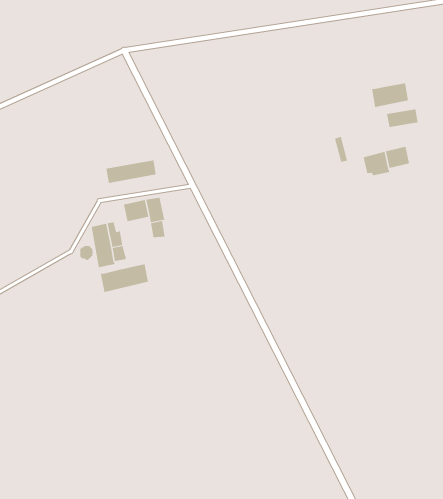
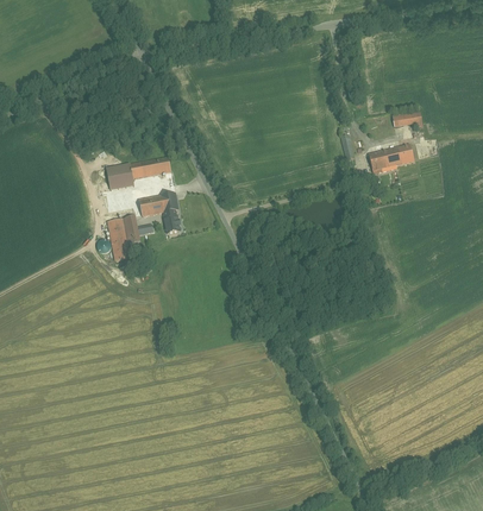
building: [372,82,409,108] -> none
building: [100,264,148,293] -> none

